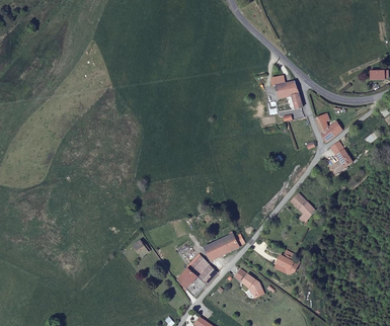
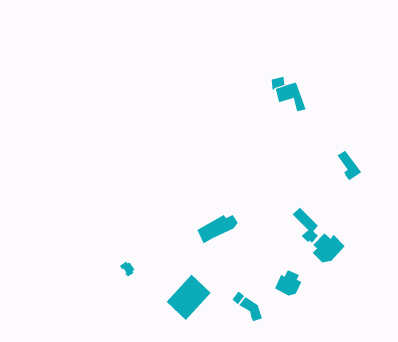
building: [313,112,344,142] -> none
building: none -> [312,233,346,263]
building: [204,233,242,260] -> [196,214,239,244]

